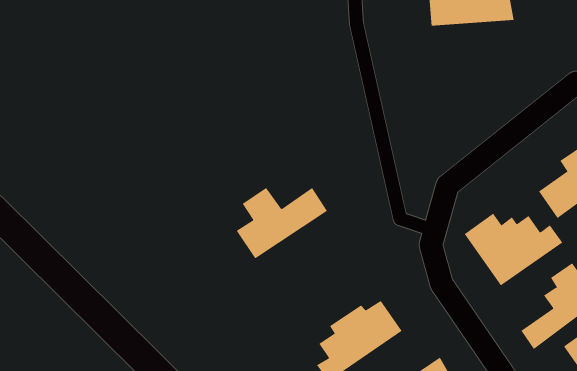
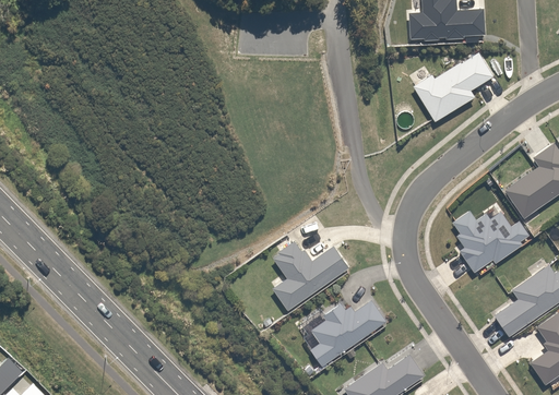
building: none -> [411,53,495,123]
building: [236,187,328,259] -> [266,247,352,313]

